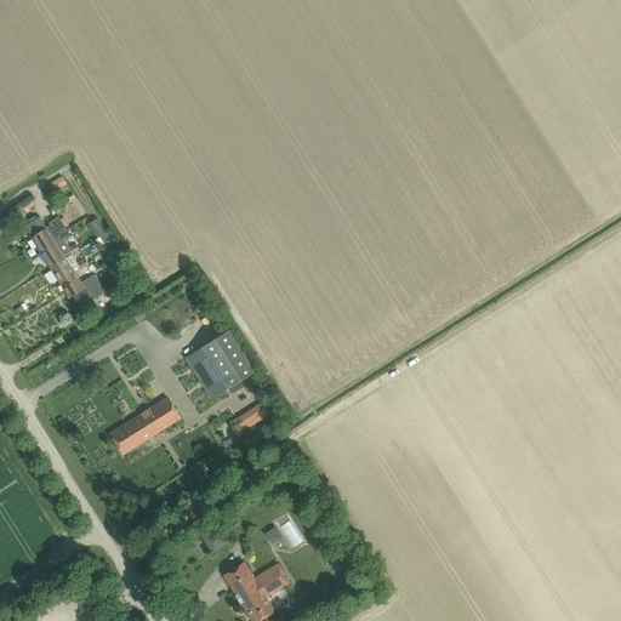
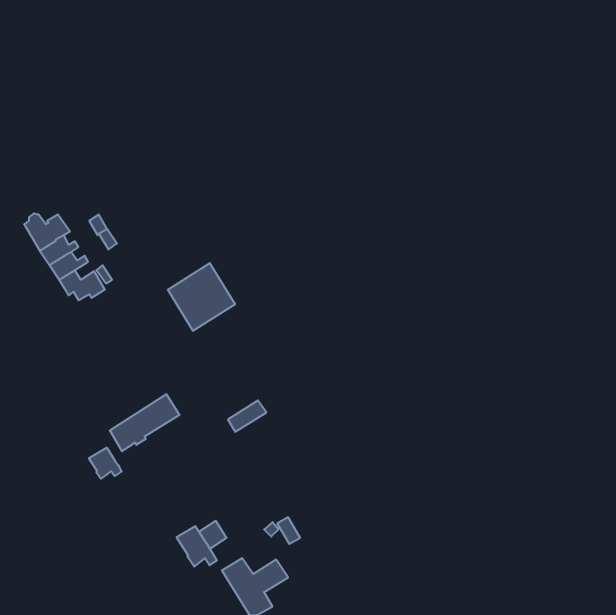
building: [186,330,253,398] -> [168,263,235,331]
building: none -> [89,448,122,479]
building: none -> [177,526,217,567]

